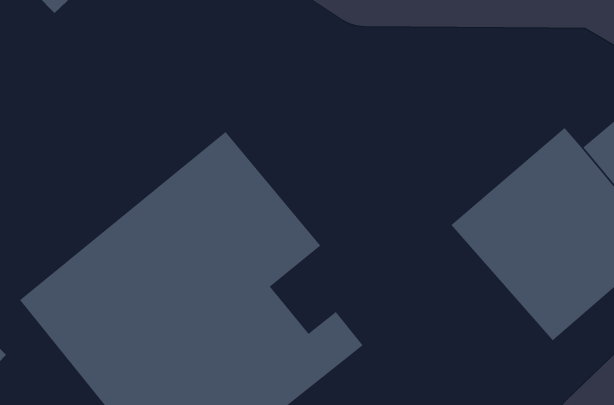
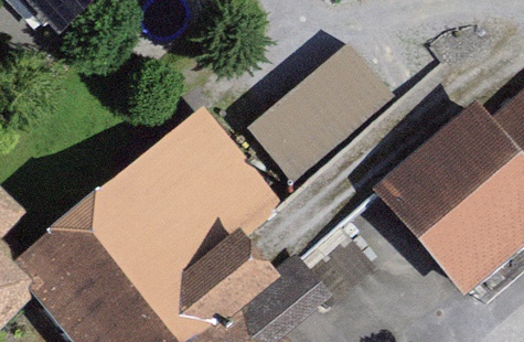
building: none -> [248,46,391,181]

